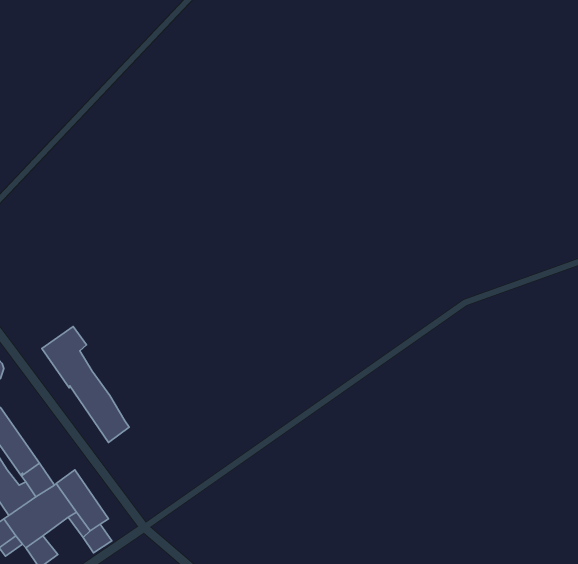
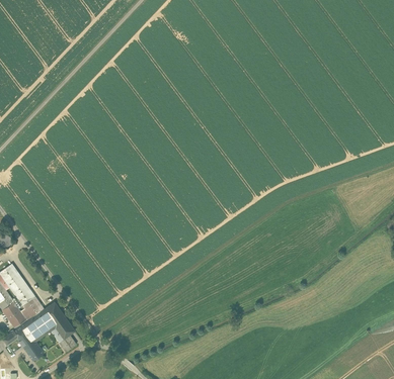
building: [42,327,129,443] -> none

